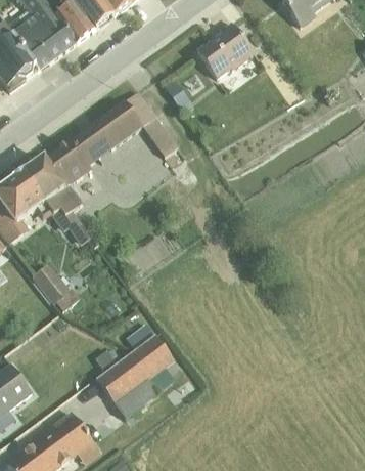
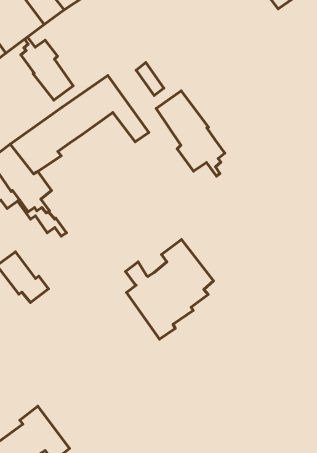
building: [196,23,255,78] -> none
building: none -> [21,37,73,100]
building: none -> [156,91,225,176]
building: [94,327,179,423] -> [125,240,213,339]

